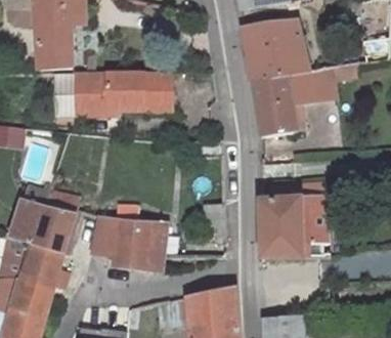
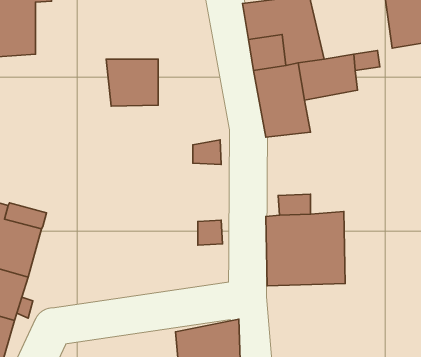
building: [55,72,132,115] -> none
building: [91,206,166,271] -> none

